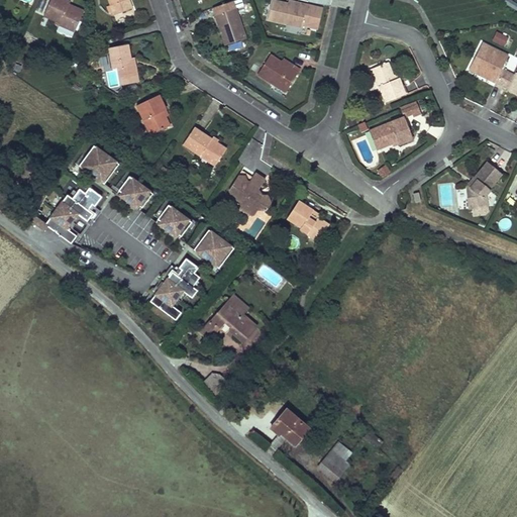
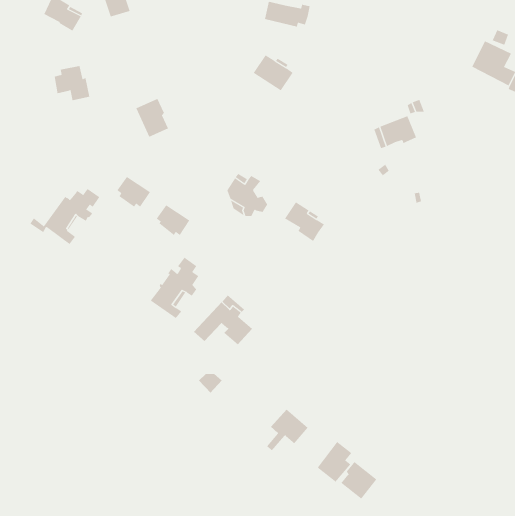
building: [216,11,245,46] -> none
building: [103,44,139,80] -> [54,65,90,101]
building: [373,62,410,102] -> none
building: [182,129,225,168] -> none
building: [78,145,118,184] -> none
building: [467,158,504,206] -> none
building: [195,227,235,266] -> none
building: none -> [341,461,377,500]

